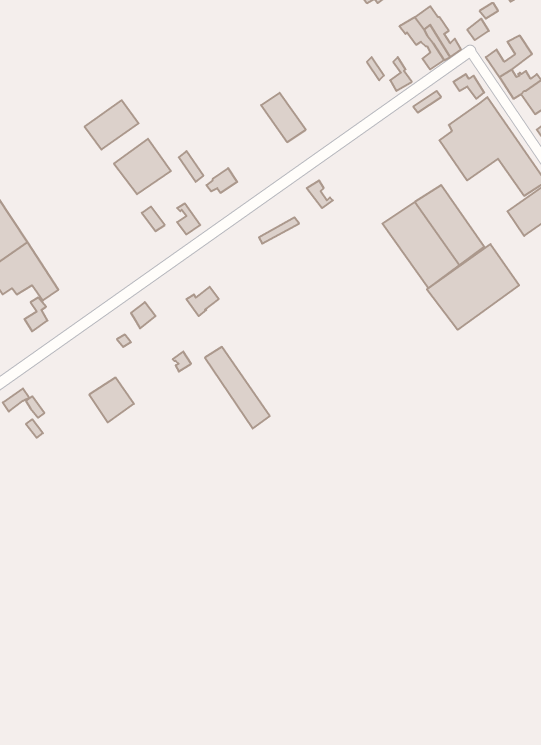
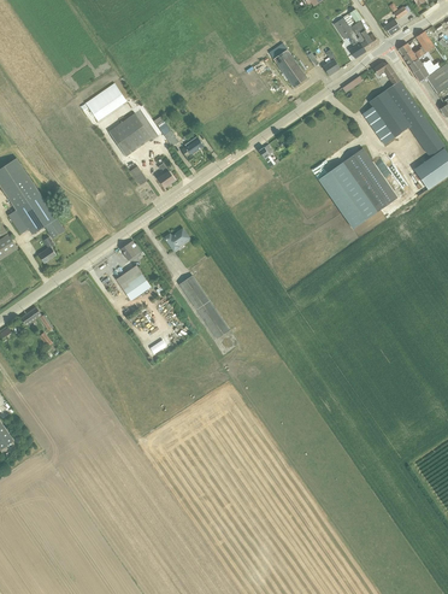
building: [261,93,306,142] -> [272,48,307,87]
building: [427,244,519,330] -> none
building: [89,378,134,422] -> [116,265,151,300]

